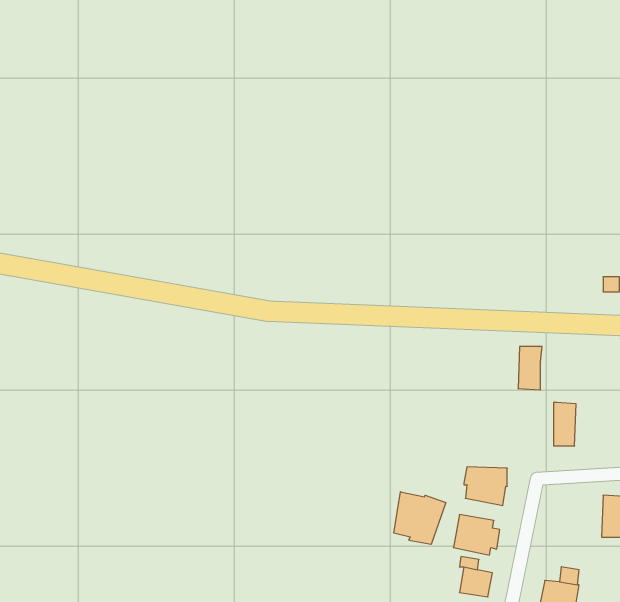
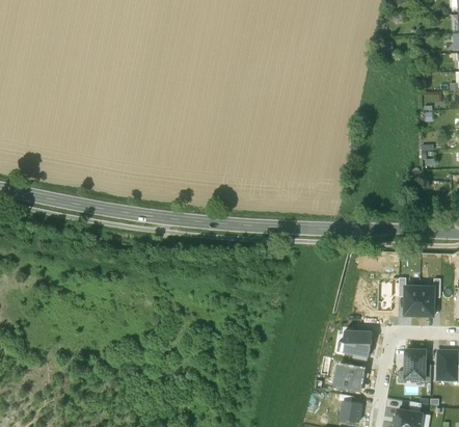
building: [518,347,542,390] -> [418,287,435,317]
building: [394,492,446,544] -> none
building: none -> [405,349,425,378]

